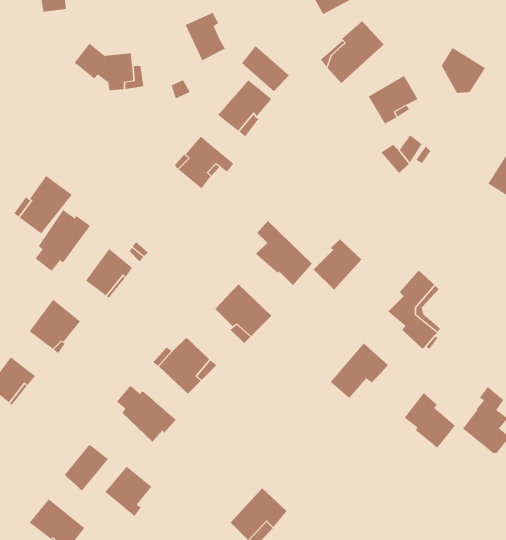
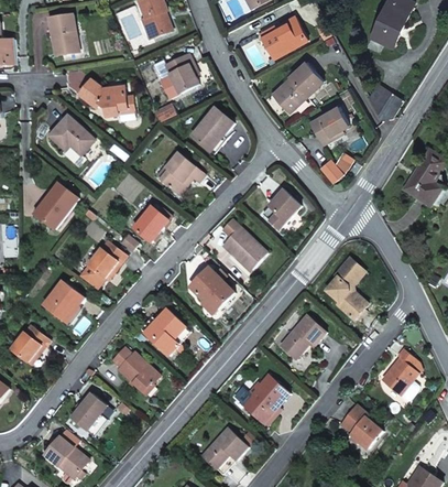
building: [241,45,290,92] -> none
building: none -> [48,116,94,165]
building: none -> [133,206,168,242]
building: [35,209,91,272] -> none
building: [313,238,362,290] -> [262,188,301,229]
building: [404,392,456,448] -> [341,404,382,448]
building: none -> [242,375,289,425]
building: [104,466,152,517] -> none

